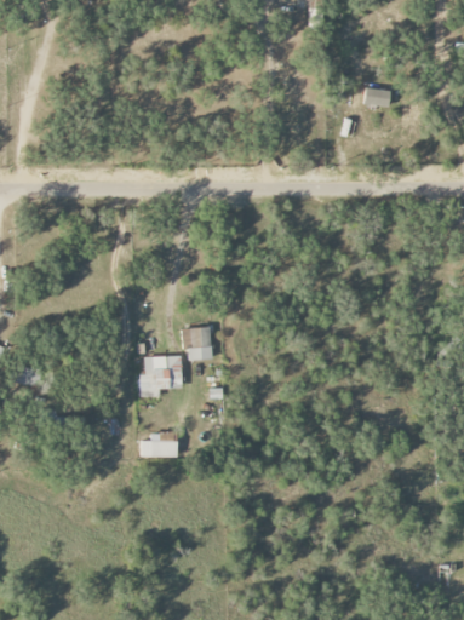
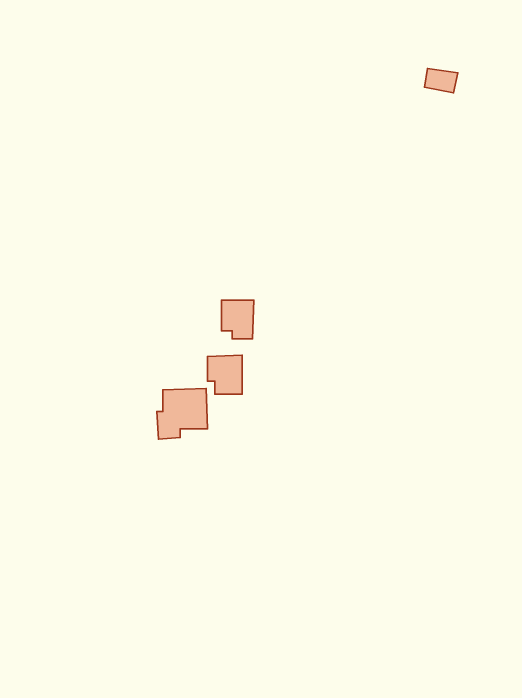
building: none -> [221,300,254,339]
building: [141,432,178,458] -> none

